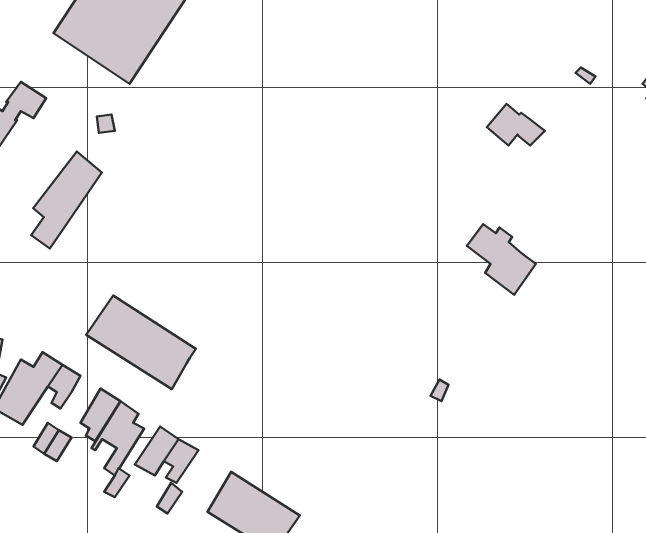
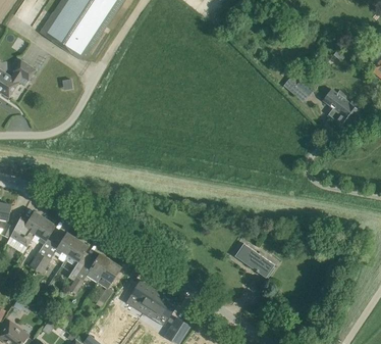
building: [31,152,102,249] -> none
building: [467,224,536,295] -> [321,89,360,129]
building: [86,295,196,389] -> none
building: none -> [234,243,274,278]

